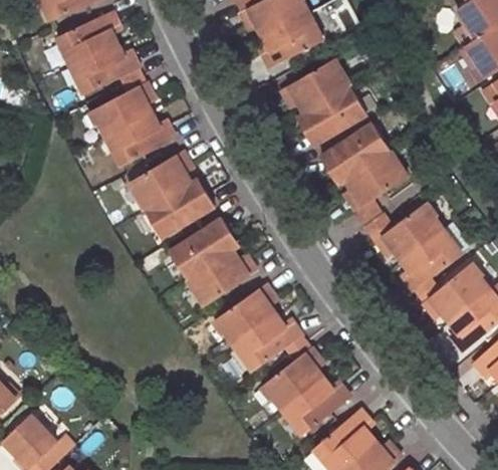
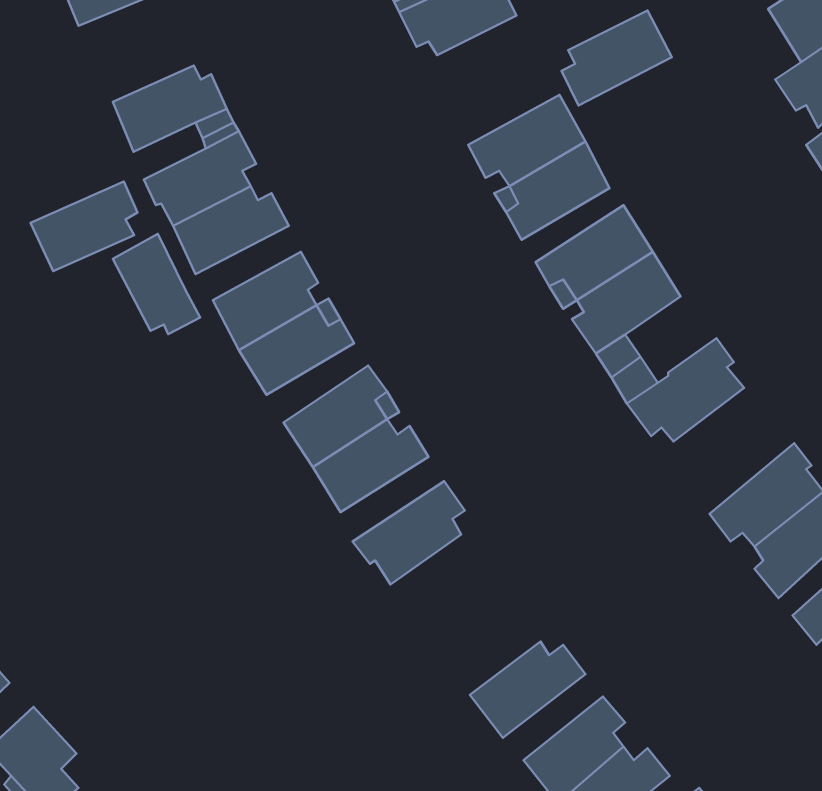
building: [61,11,123,63] -> [31,182,138,271]
building: [259,13,323,68] -> [561,11,672,105]
building: none -> [113,234,200,334]
building: [400,230,460,291] -> none
building: [236,315,303,370] -> none
building: [259,347,323,409] -> none

